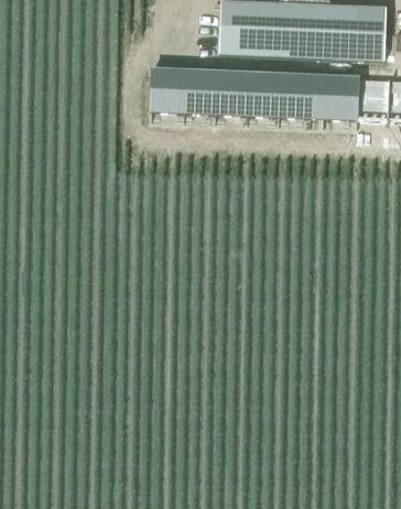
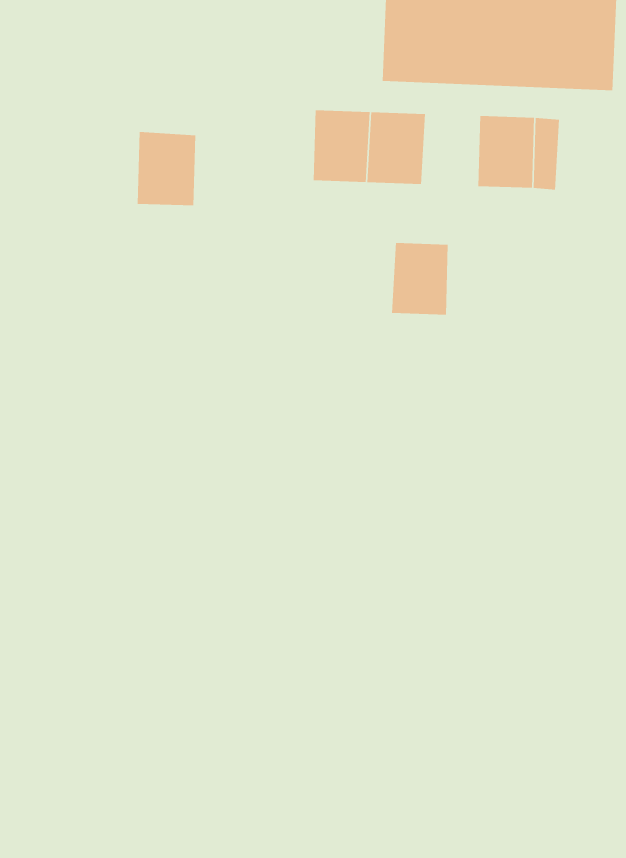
building: [152,67,186,110] -> [137,131,196,206]
building: [248,72,281,113] -> [391,243,449,315]
building: [325,75,360,117] -> none

